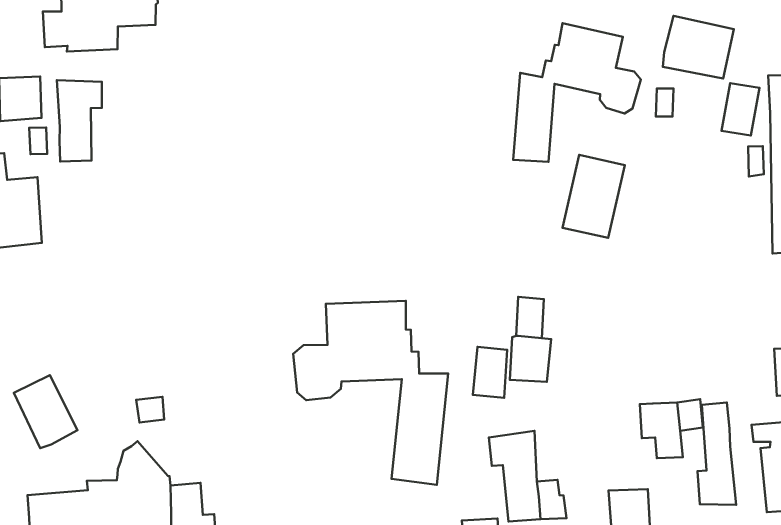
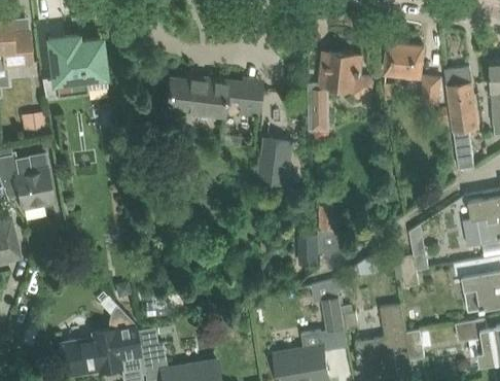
building: none -> [167,77,259,115]
building: [57,80,102,162] -> none
building: [563,155,625,238] -> [260,139,291,183]
building: [293,301,448,485] -> none
building: [14,375,77,448] -> none
building: [697,403,736,505] -> none

